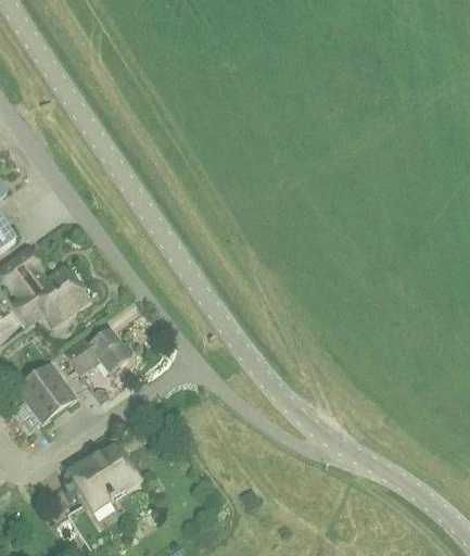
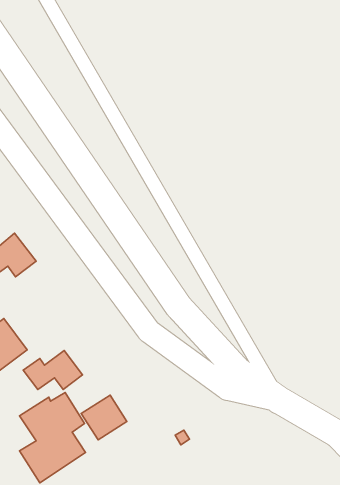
building: [64,329,130,372] -> [23,351,83,390]
building: none -> [81,395,127,440]

